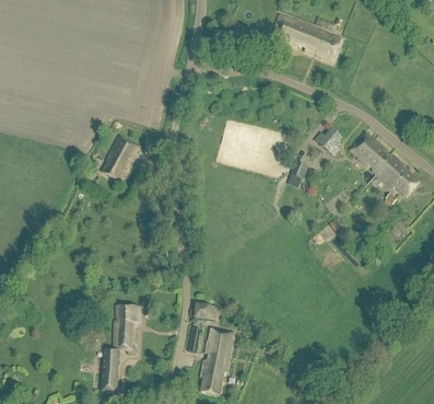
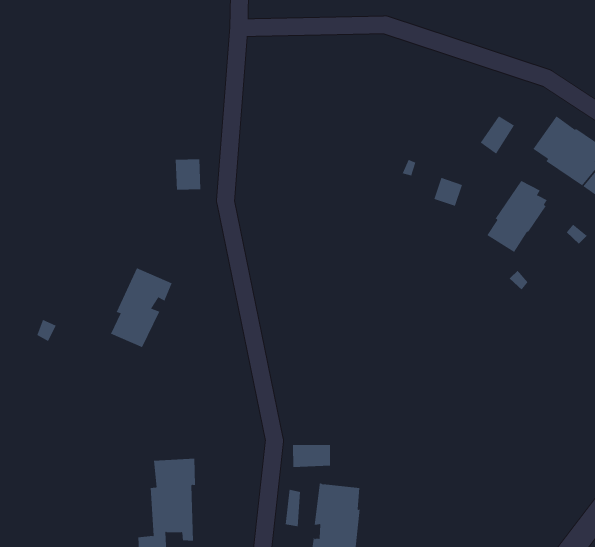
building: [102,135,140,181] -> [110,268,173,348]
building: none -> [487,180,547,253]

